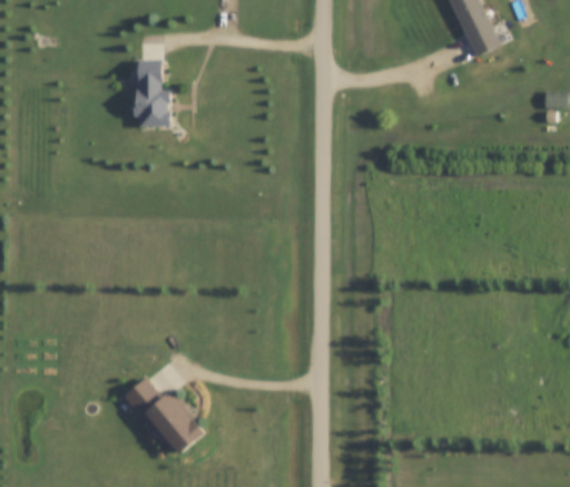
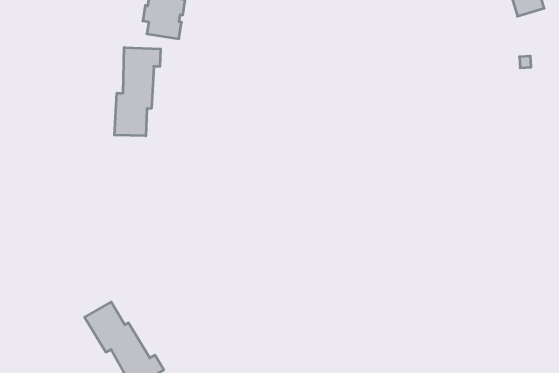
building: none -> [114,47,161,136]

